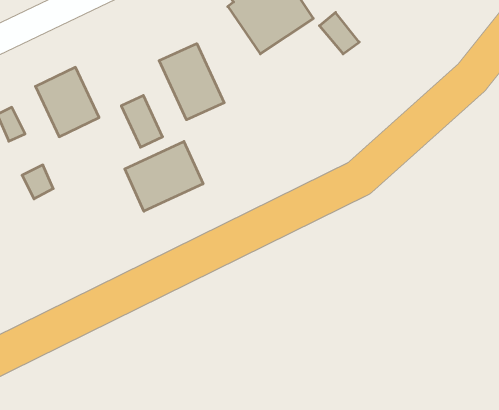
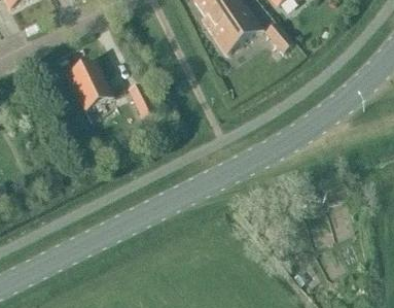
building: [159,44,224,120] -> none
building: [125,141,203,211] -> none

